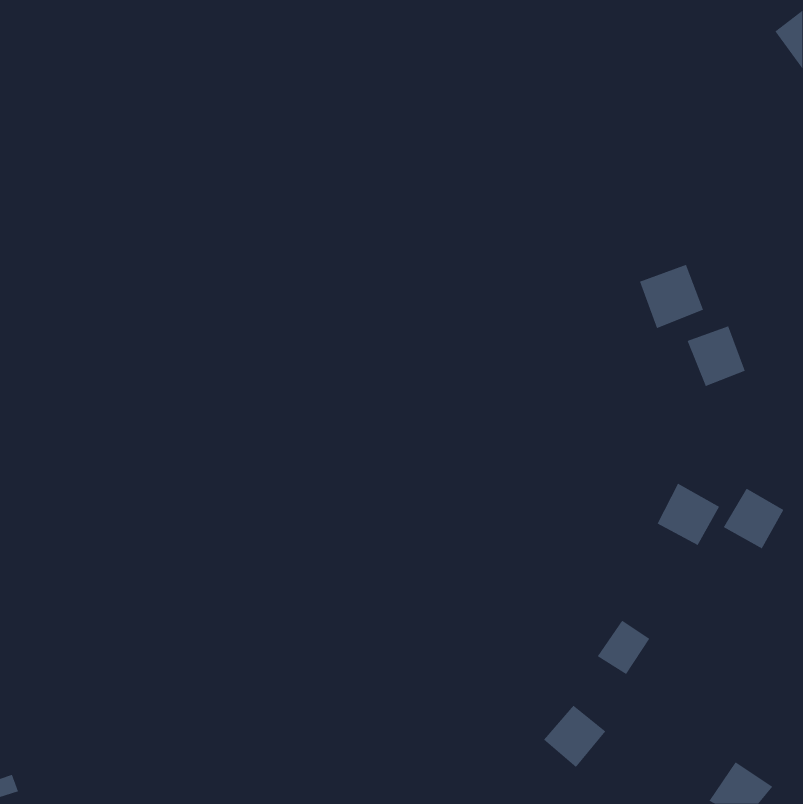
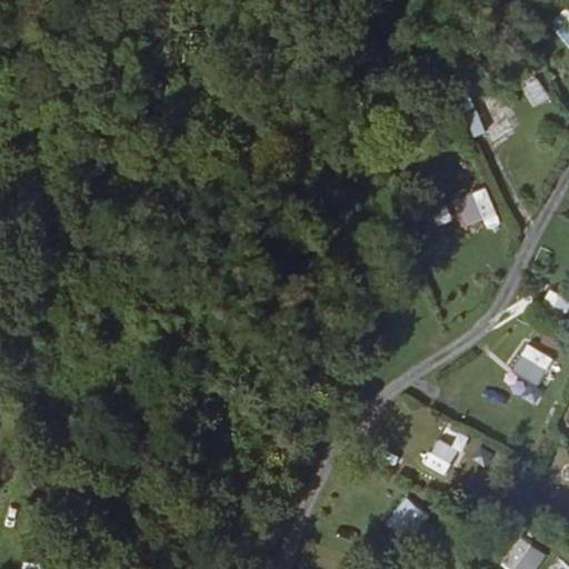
building: [687,325,745,387] -> none
building: [657,483,720,546] -> none

